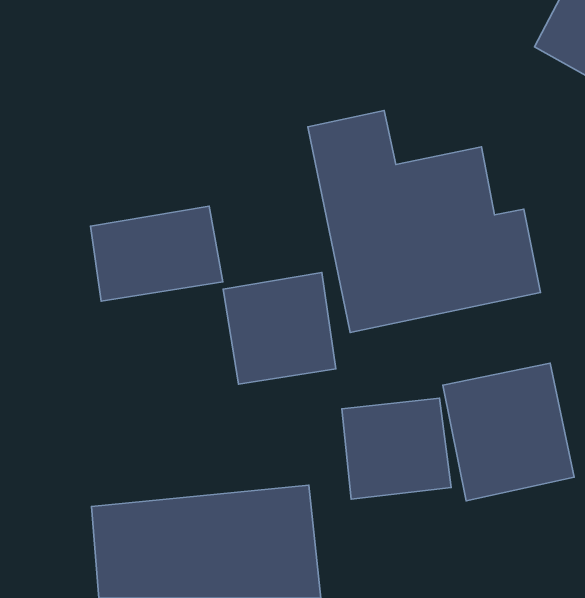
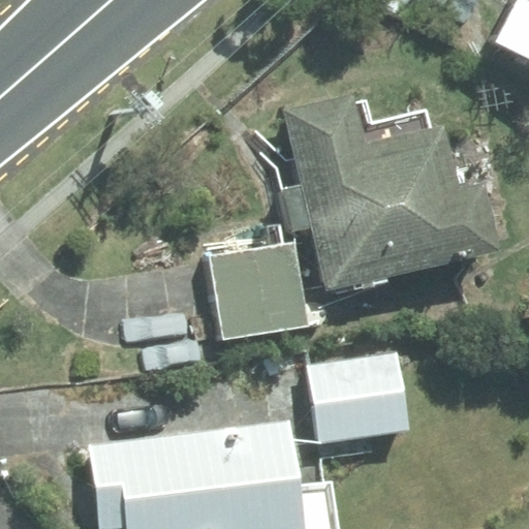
building: [90,206,223,301] -> none
building: [443,363,574,501] -> none

